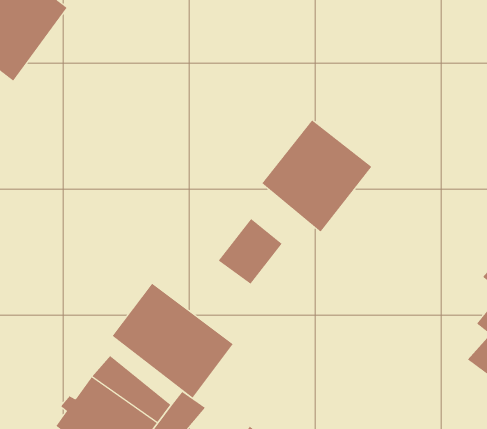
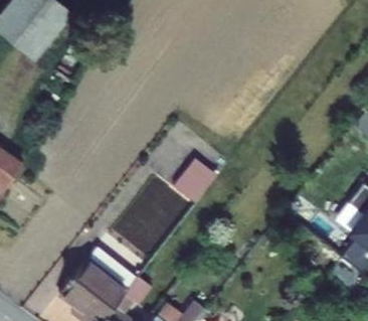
building: [261,119,372,232] -> none
building: [112,283,233,398] -> none

